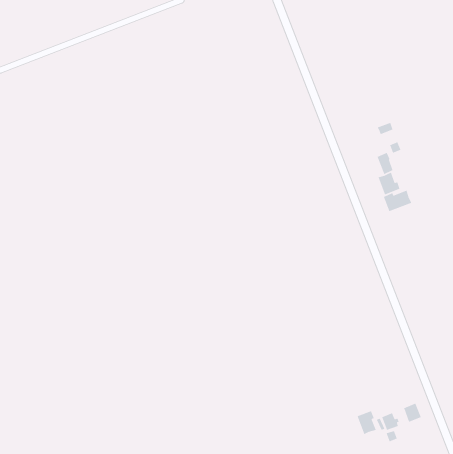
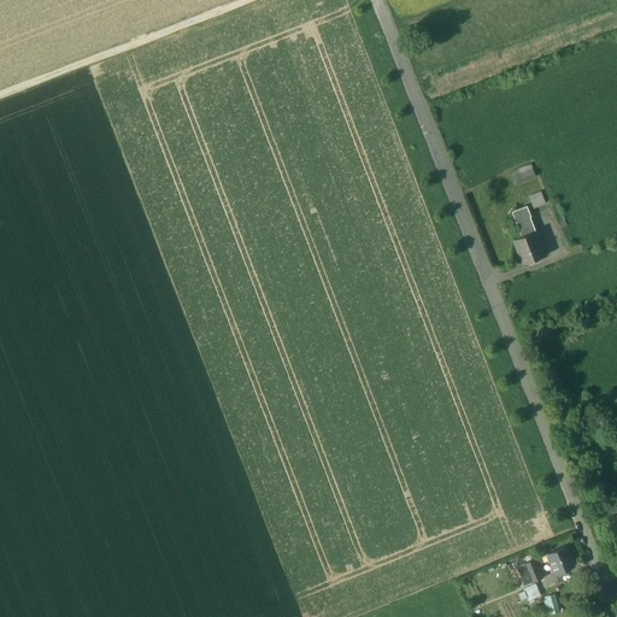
building: [383,187,412,212] -> none
building: [356,410,379,435] -> none

